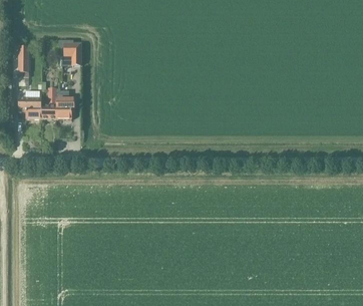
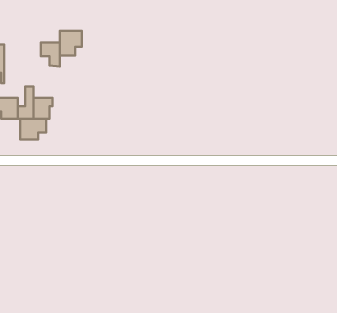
building: none -> [60,31,82,56]
building: none -> [20,119,46,140]

